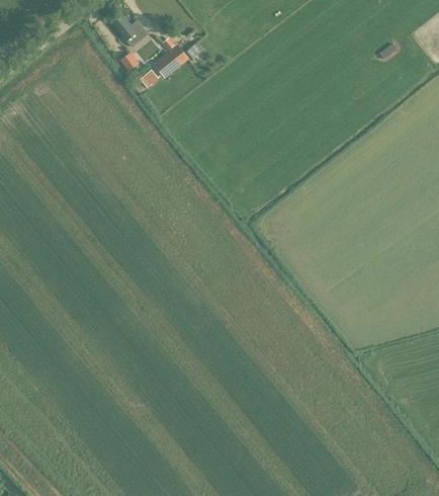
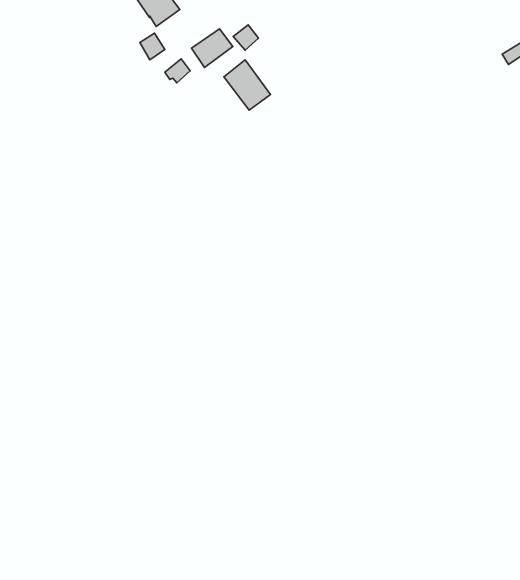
building: none -> [224,60,270,110]

